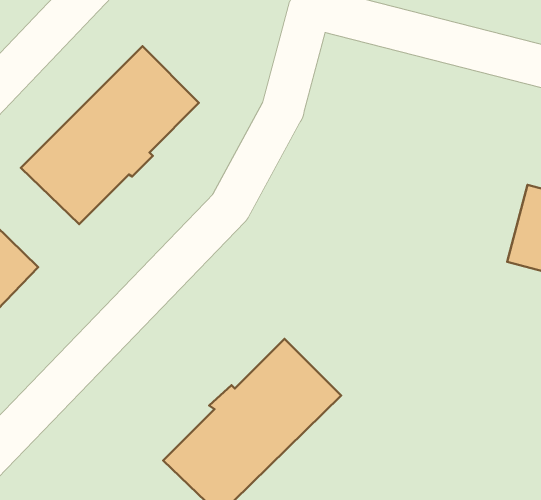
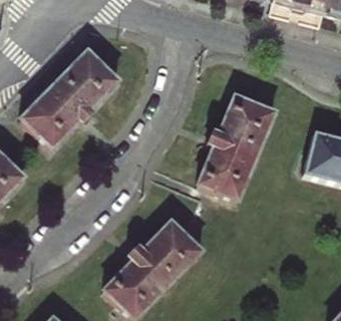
building: none -> [194,93,275,204]

